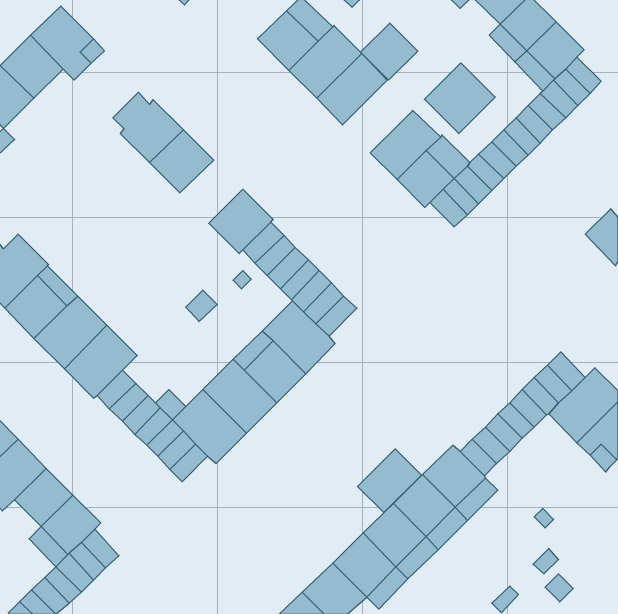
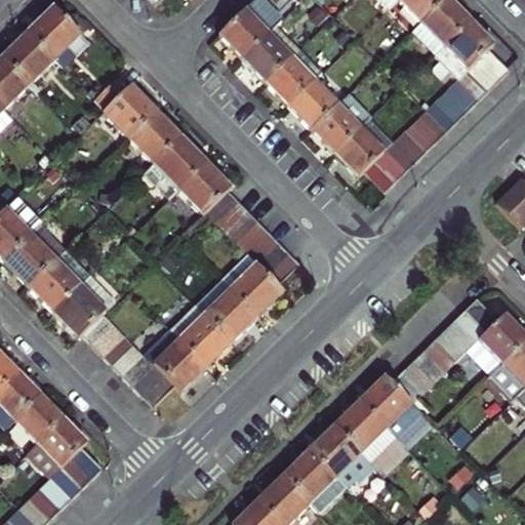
building: [361,23,418,80] -> [289,81,337,129]
building: [424,63,495,134] -> none
building: none -> [143,135,205,197]
building: [358,449,421,513] -> none

